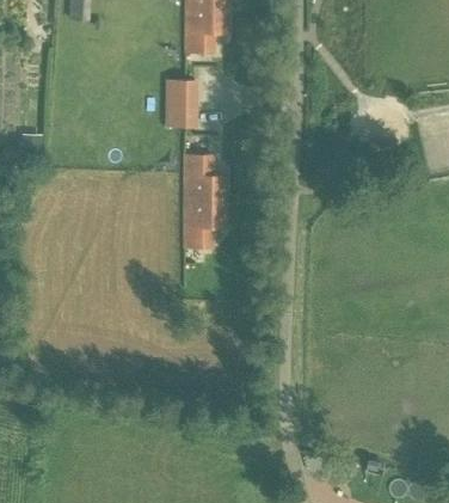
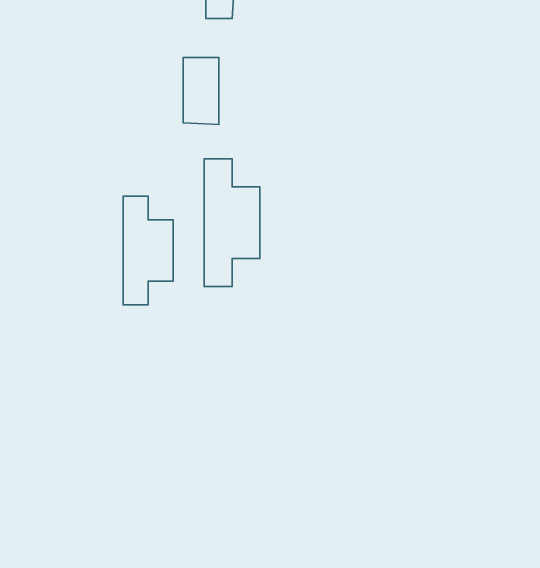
building: none -> [123,196,173,305]

